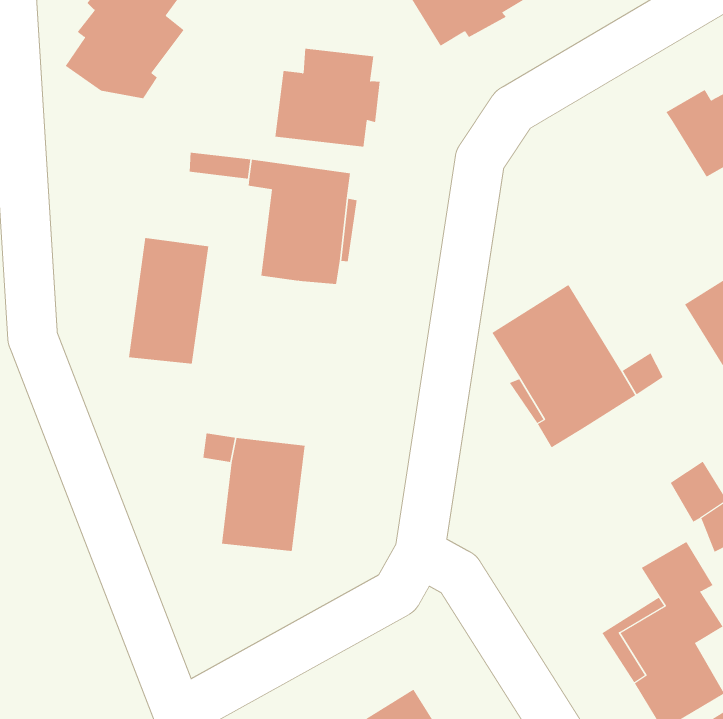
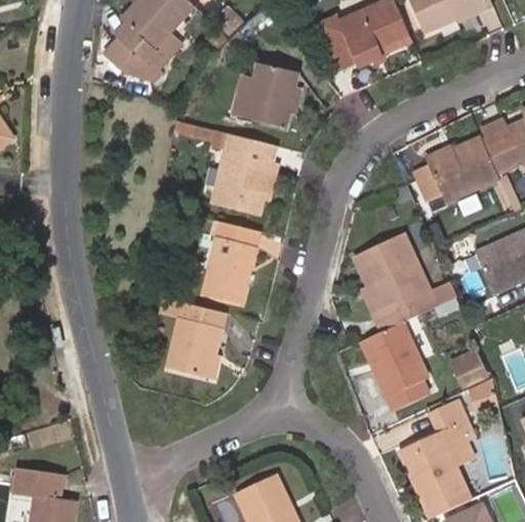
building: none -> [412,136,500,204]
building: [128,238,209,364] -> [201,220,260,304]
building: none -> [359,322,429,410]

